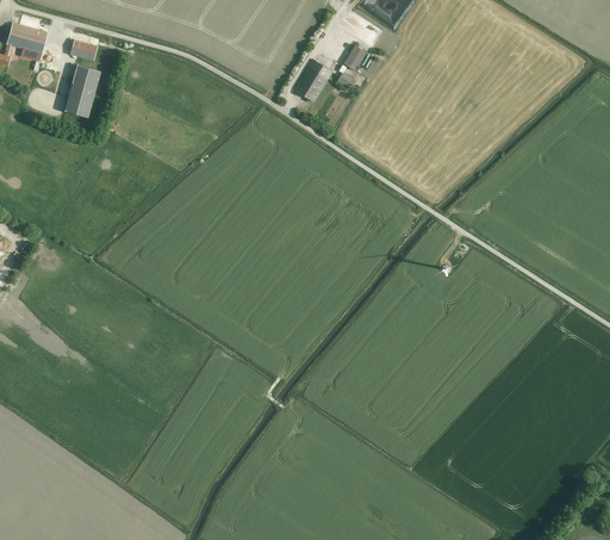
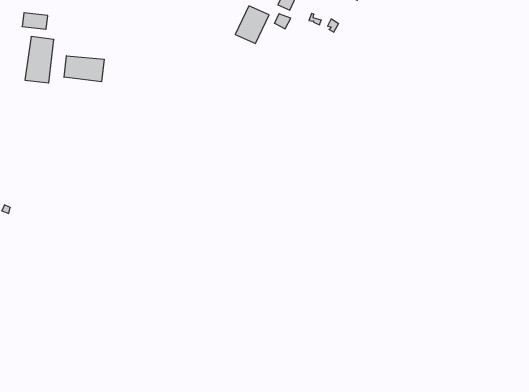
building: none -> [64,56,104,82]

